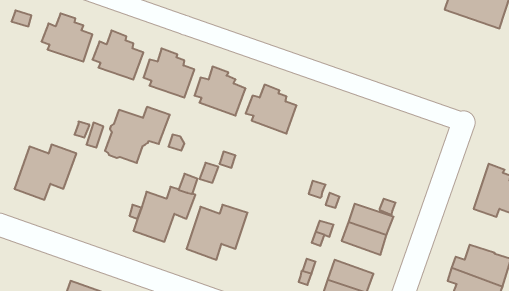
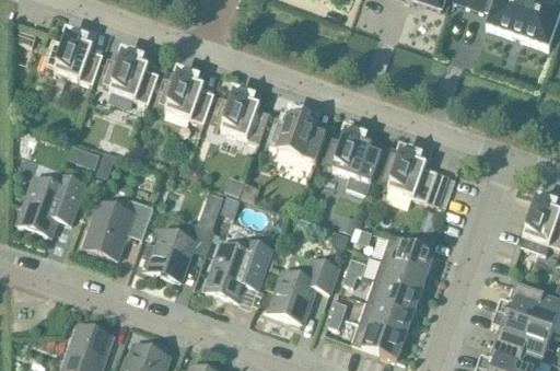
building: none -> [326,129,382,195]
building: [105,107,170,163] -> [83,198,154,259]
building: none -> [381,149,450,207]
building: none -> [264,257,339,323]
building: none -> [368,280,418,316]

